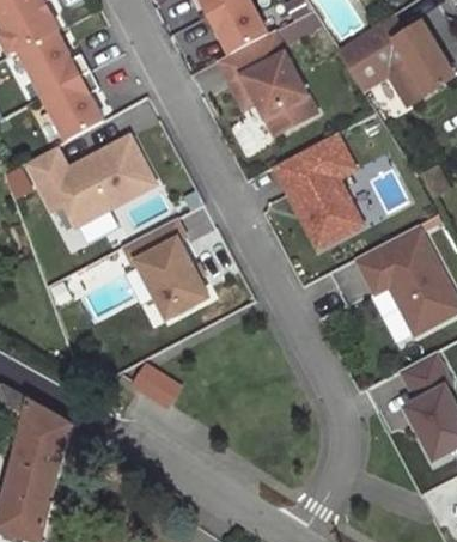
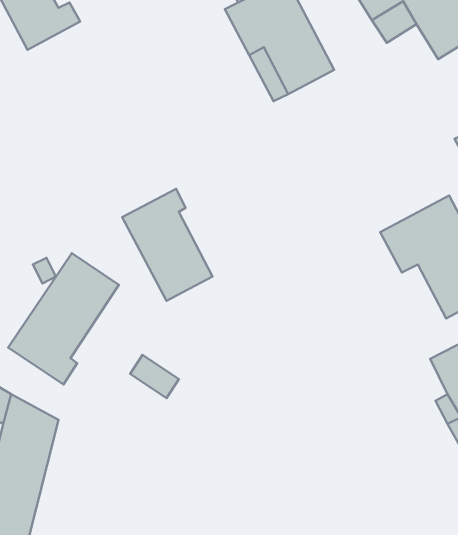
building: [43,71,103,140] -> none
building: [274,133,362,248] -> none
building: [26,136,154,226] -> none
building: none -> [8,253,119,385]

